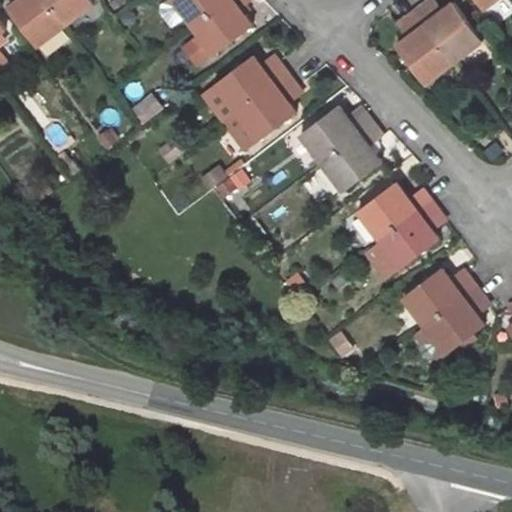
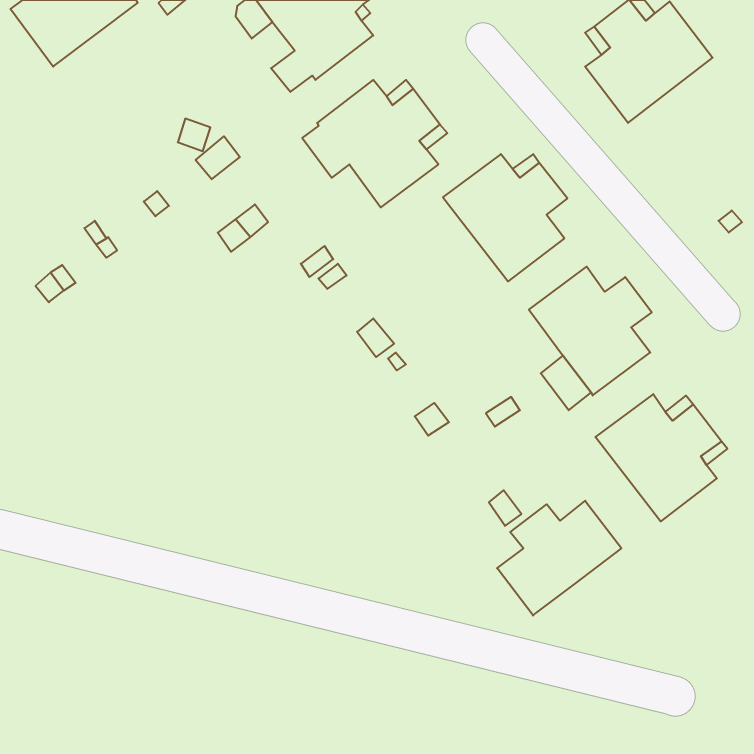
building: none -> [497,501,621,616]

